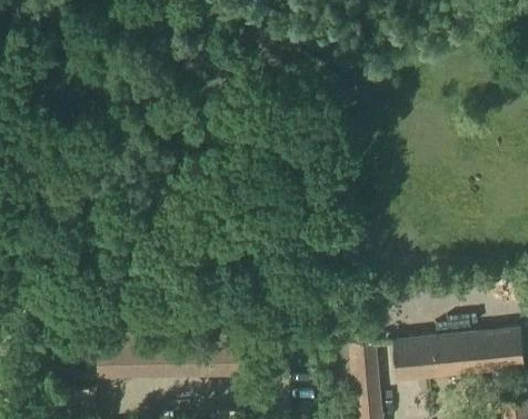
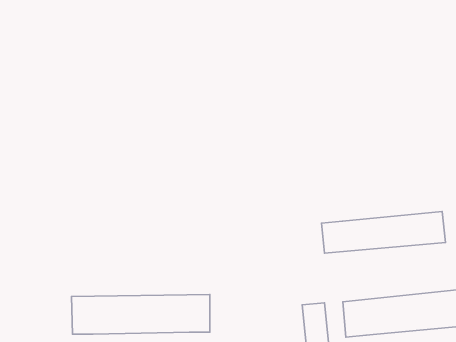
building: none -> [321,211,445,253]

